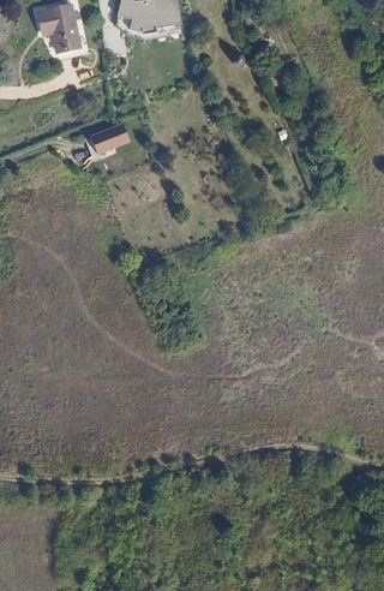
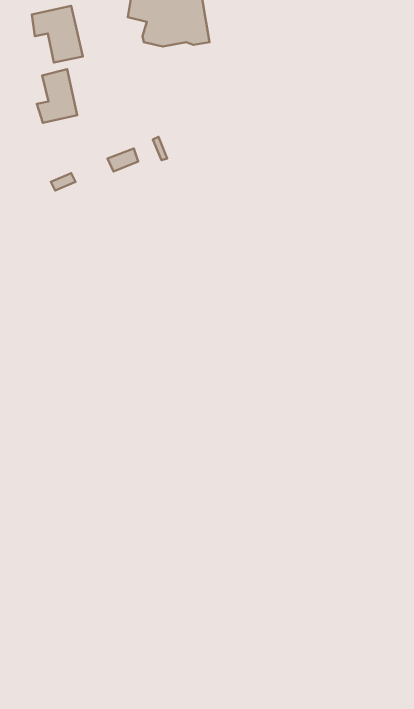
building: none -> [37,69,77,123]

